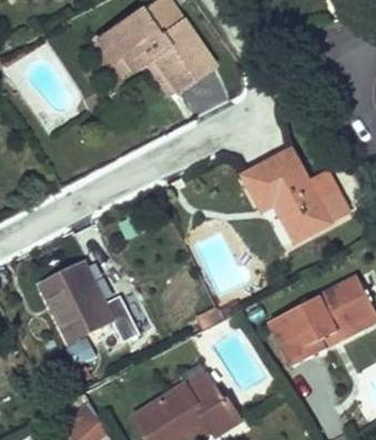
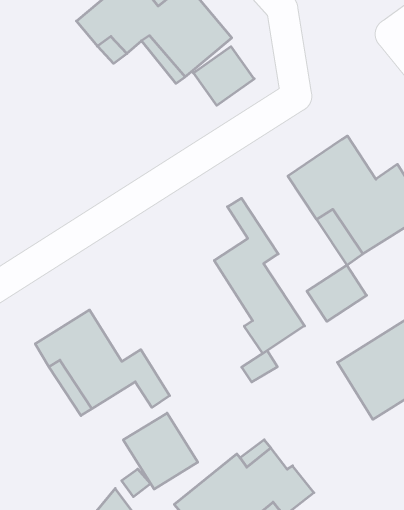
building: none -> [214,198,305,353]
building: none -> [307,265,367,321]
building: none -> [123,413,198,489]

